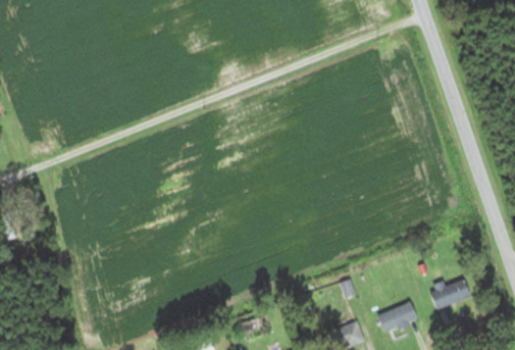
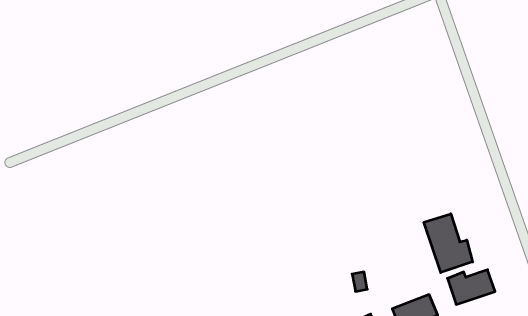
building: none -> [424,214,473,273]

